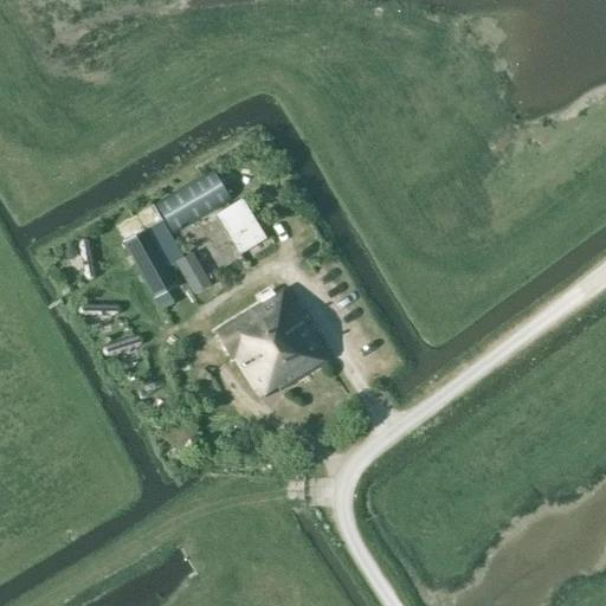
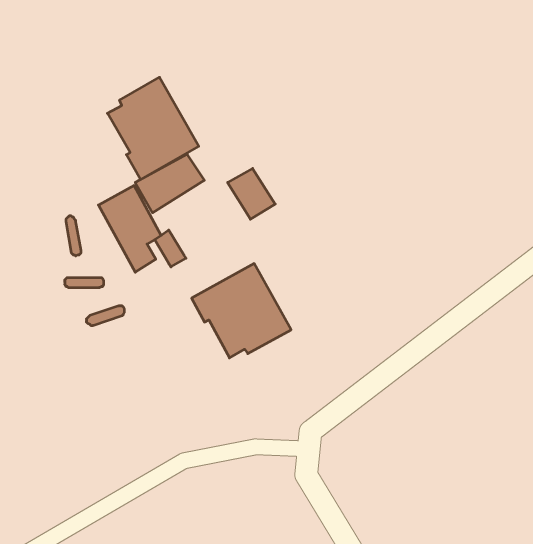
building: none -> [107,77,199,179]
building: [214,199,266,254] -> [228,168,275,219]

